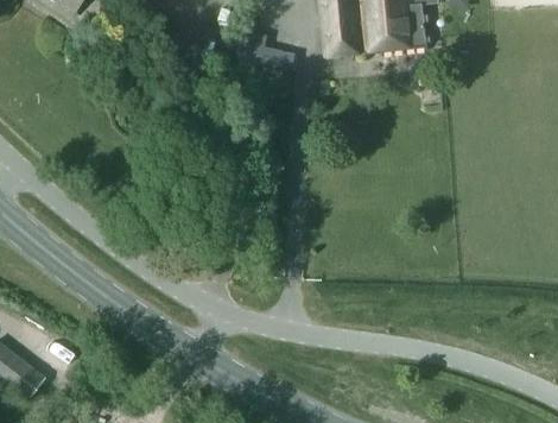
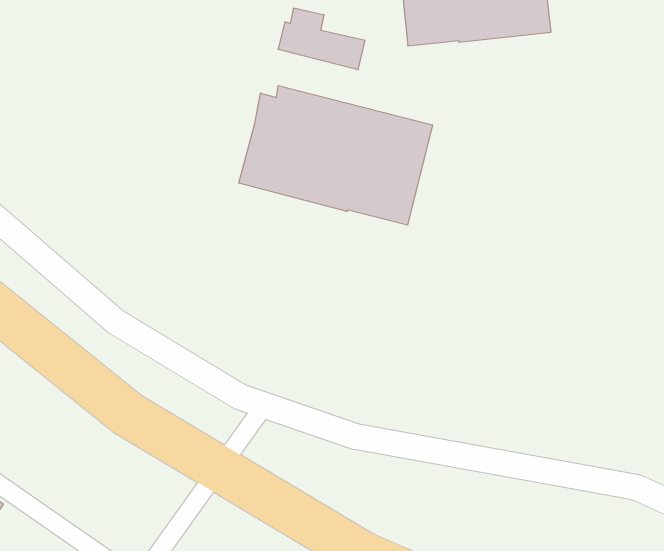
building: none -> [239,86,433,225]

